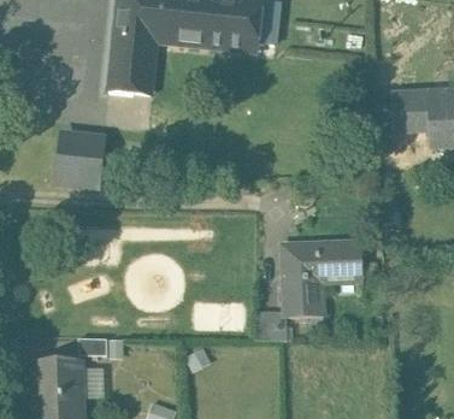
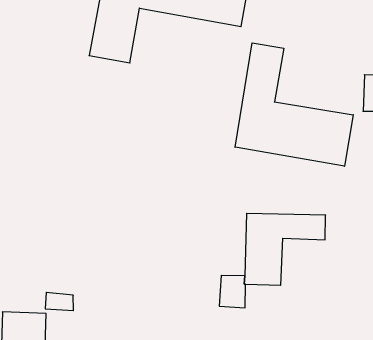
building: none -> [235,43,353,166]
building: [55,135,102,187] -> none

